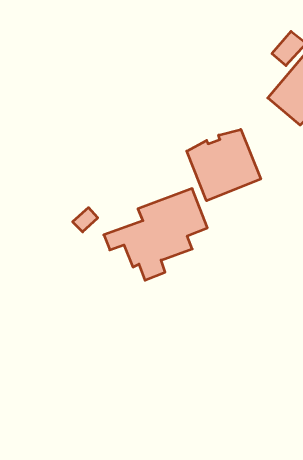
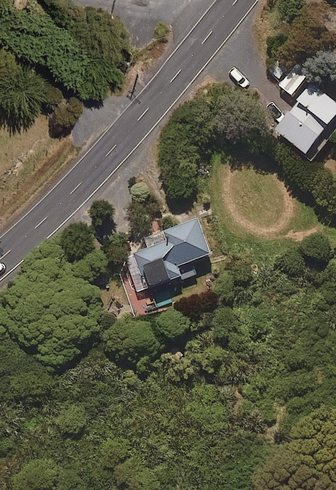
building: [187,129,261,201] -> none

